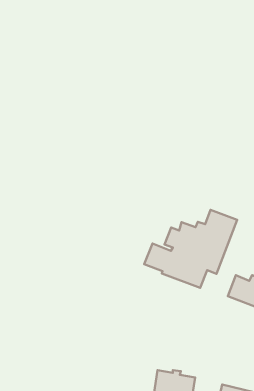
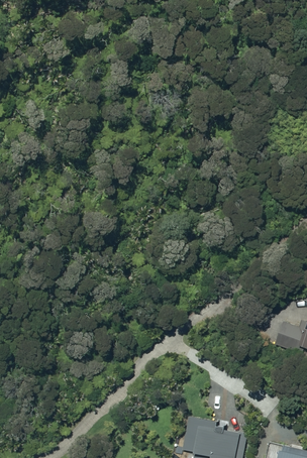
building: [144,210,237,288] -> none

